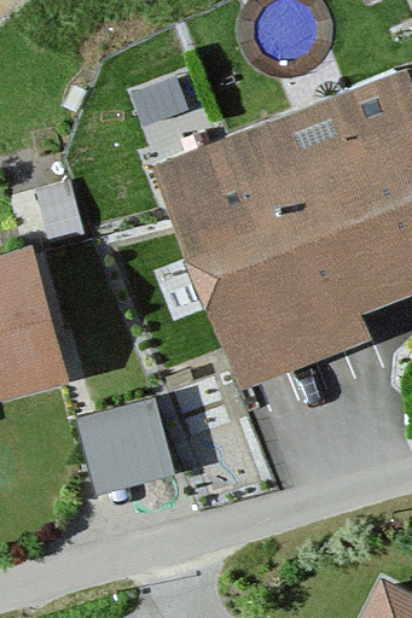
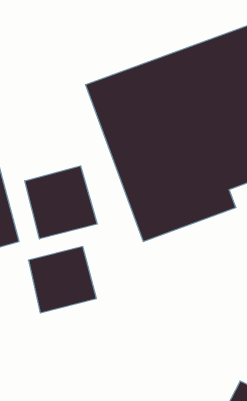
building: none -> [25,166,97,239]

